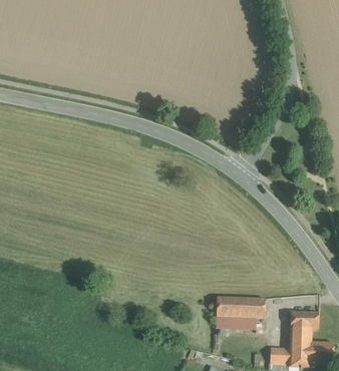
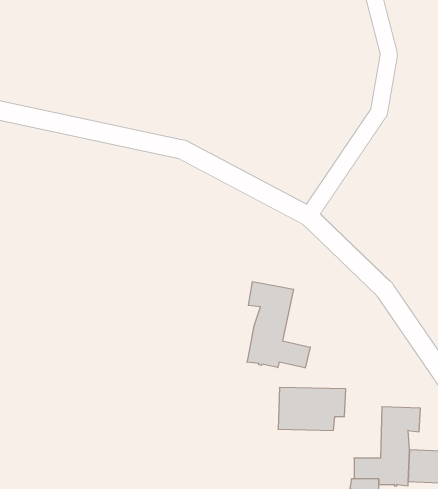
building: none -> [247,282,310,368]

